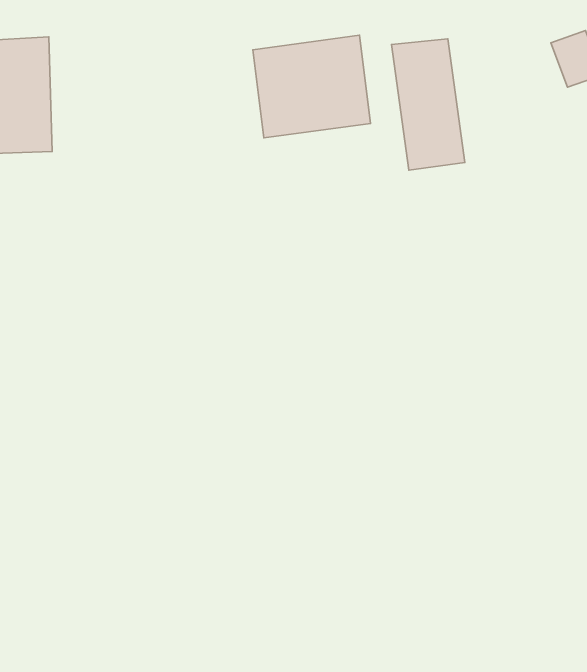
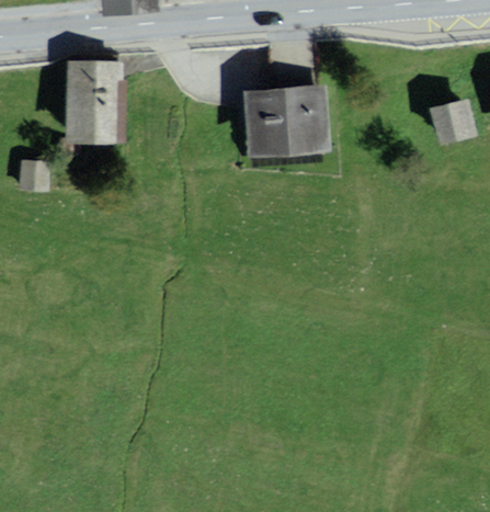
building: [392,39,465,170] -> none

